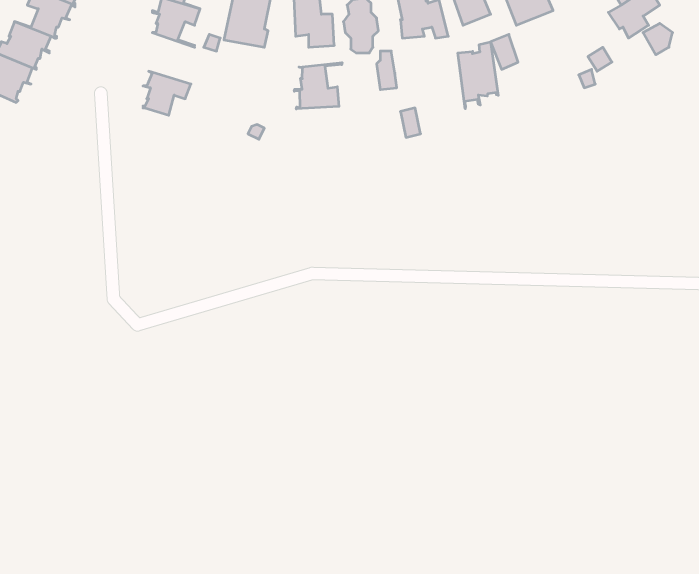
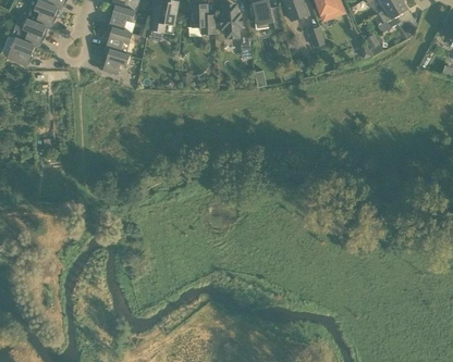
building: none -> [105,25,132,55]
building: [458,42,498,109] -> none
building: [294,63,342,109] -> none

